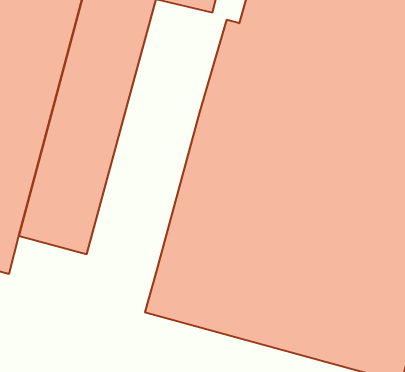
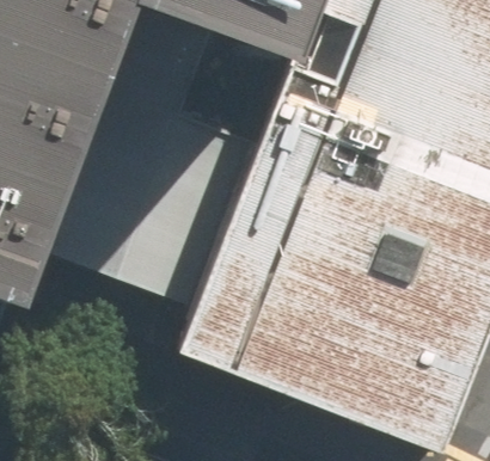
building: none -> [121,115,256,309]

